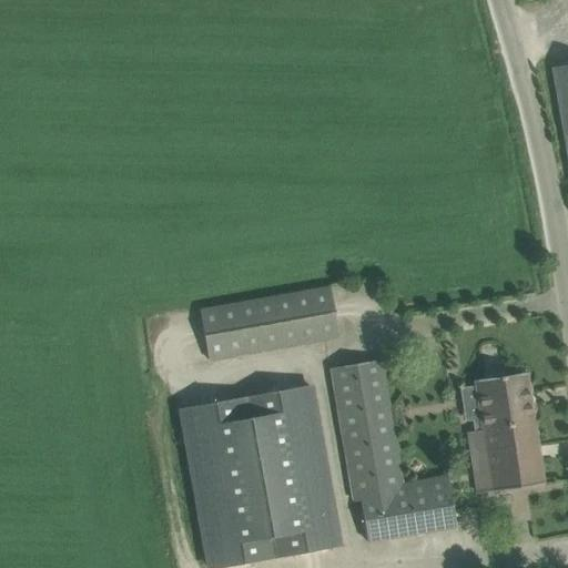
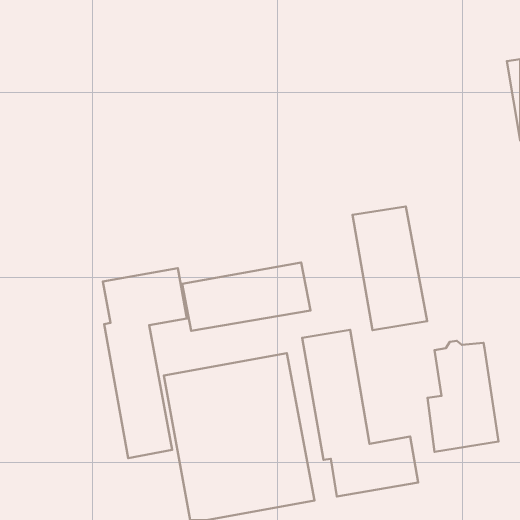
building: none -> [352,206,427,330]
building: none -> [103,268,187,458]

